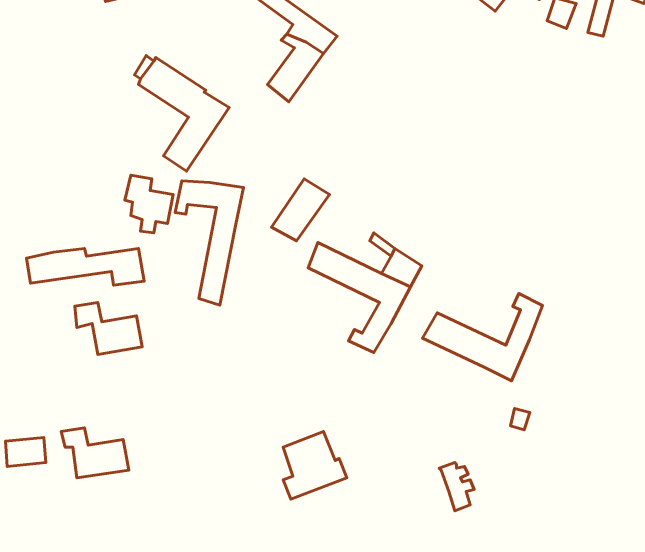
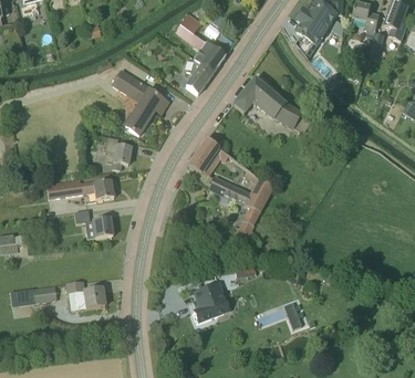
building: none -> [234,76,303,128]
building: [175,181,244,305] -> none
building: [423,294,543,381] -> none

